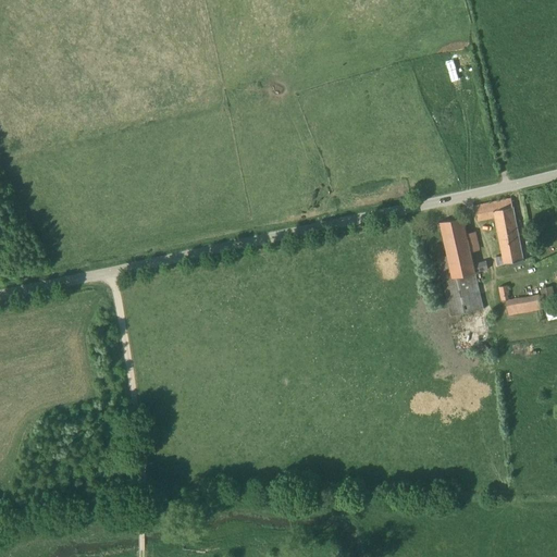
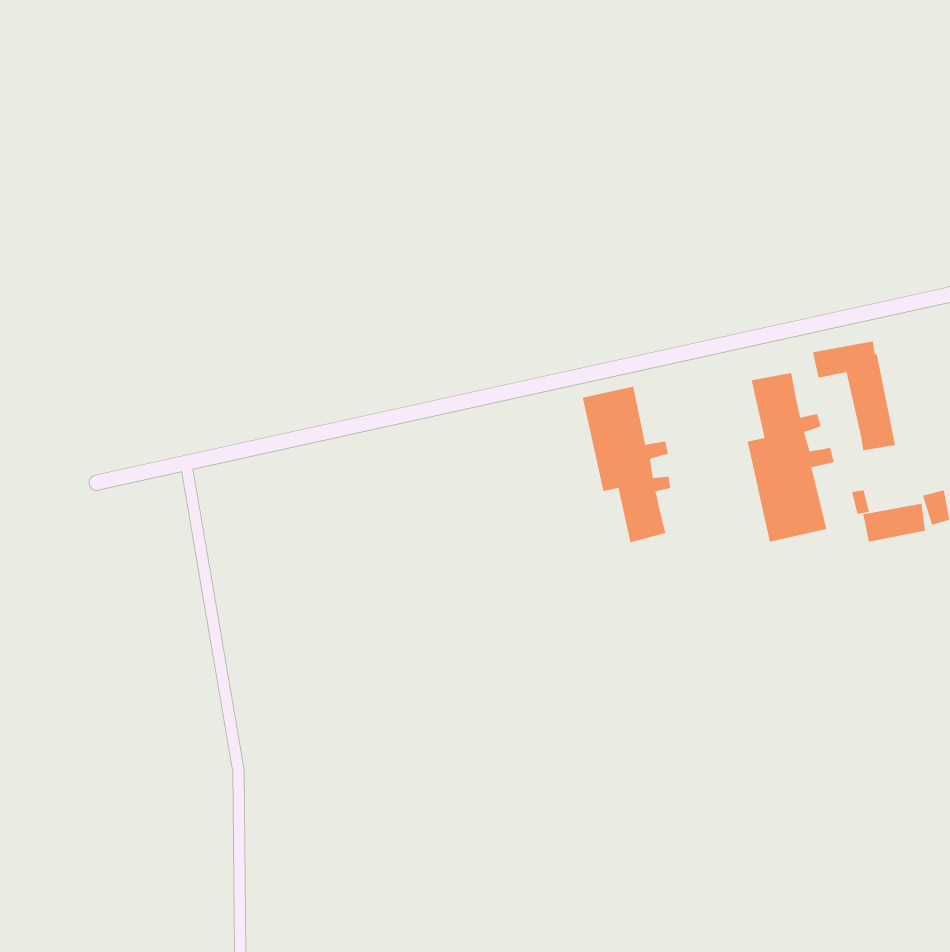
building: none -> [582,386,671,543]

